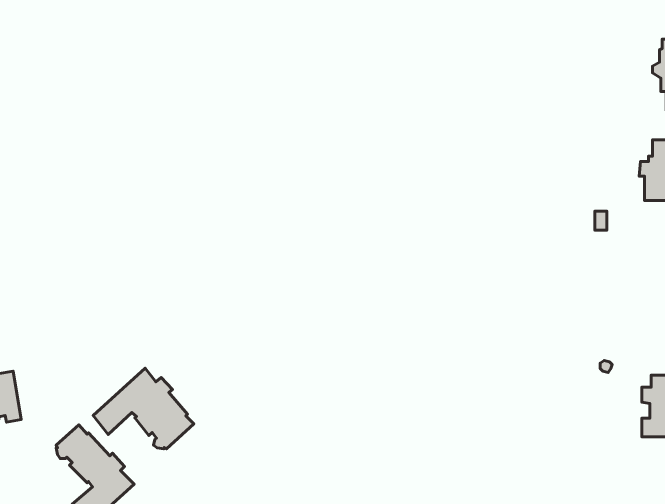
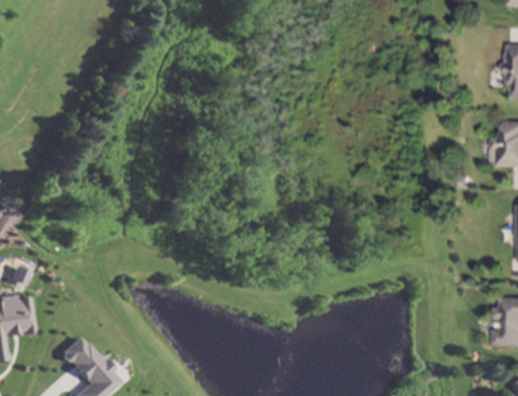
building: [93,368,194,449] -> none

